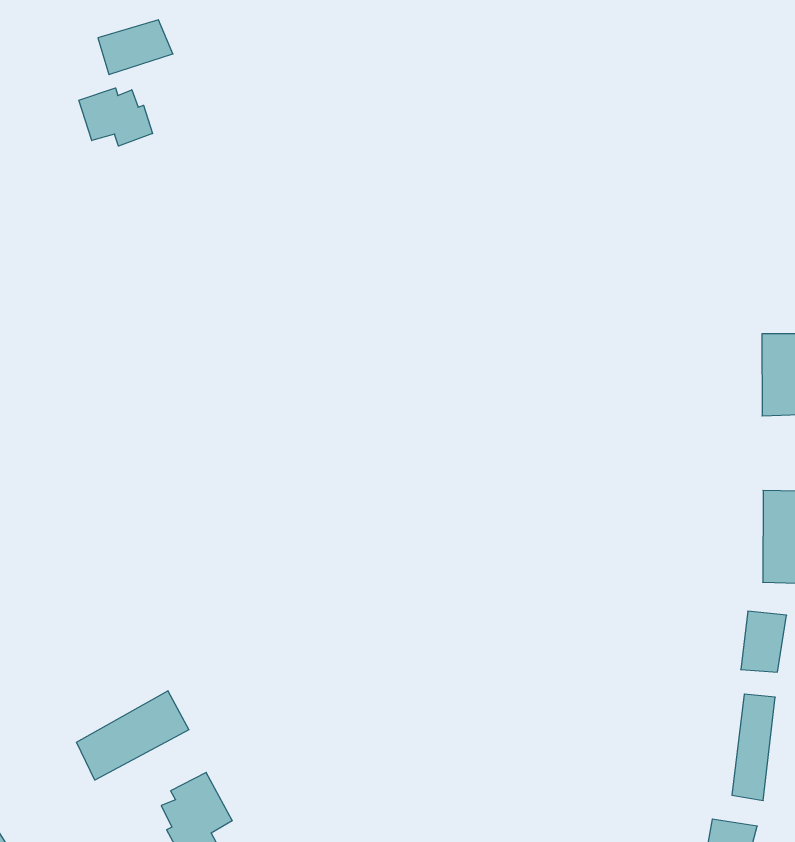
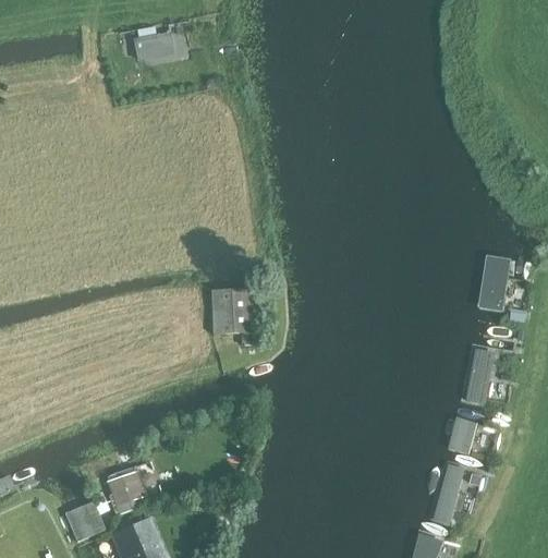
building: [79,88,153,146] -> none
building: none -> [210,288,252,343]
building: [77,691,189,780] -> none

